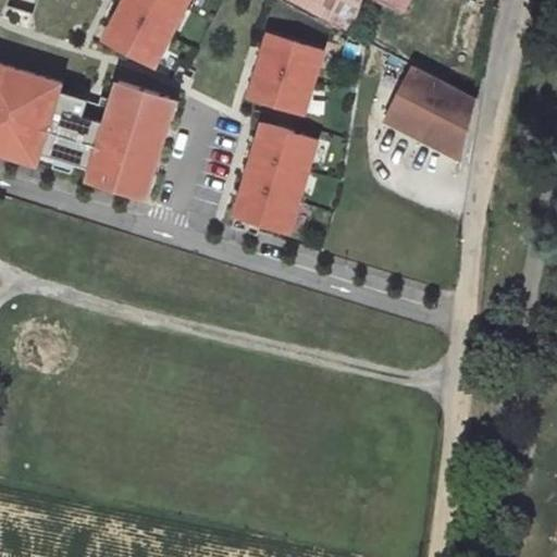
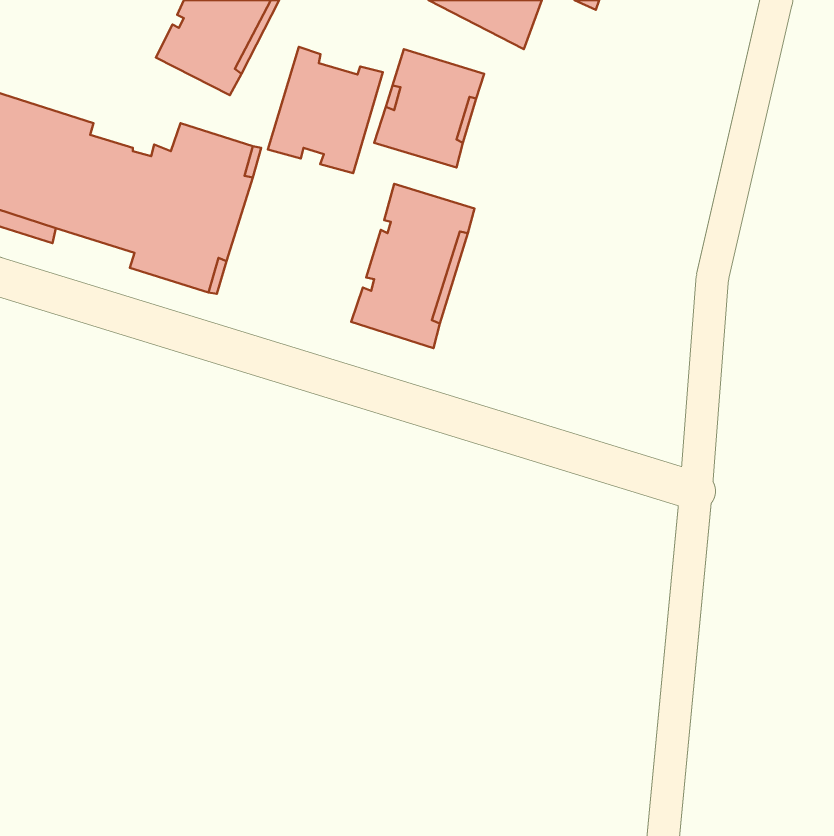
building: none -> [268,47,383,173]
building: [385,67,473,158] -> none

